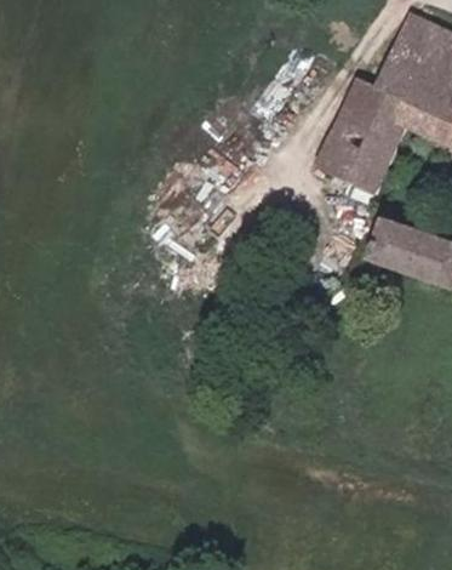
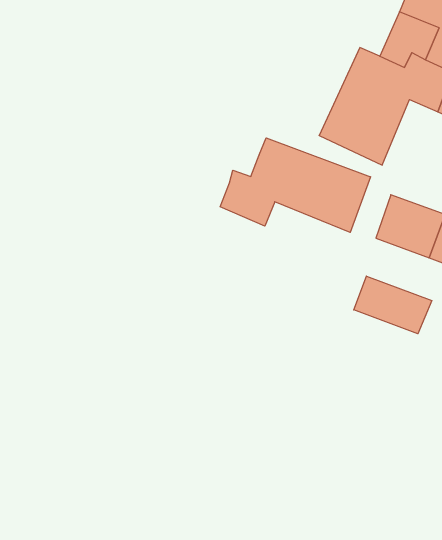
building: none -> [220,138,371,232]
building: none -> [354,276,432,334]

